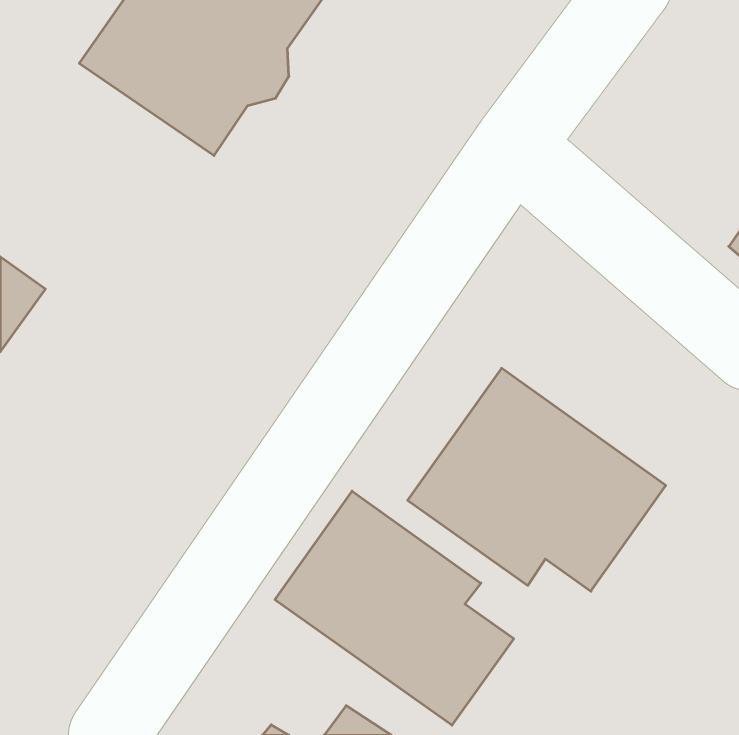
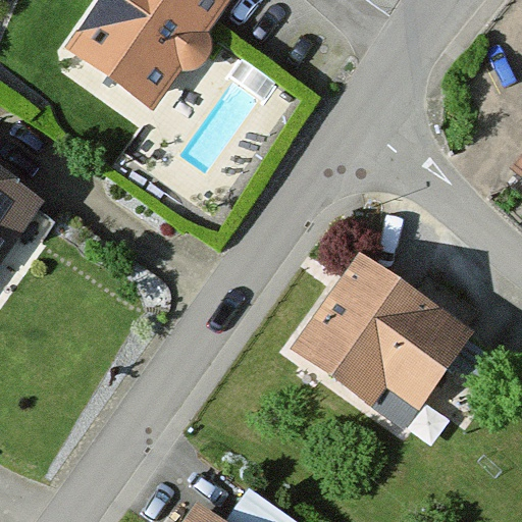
building: [275,491,514,725] -> none

